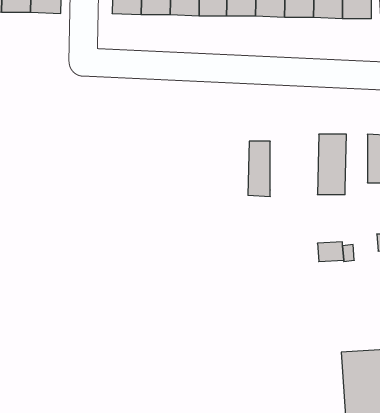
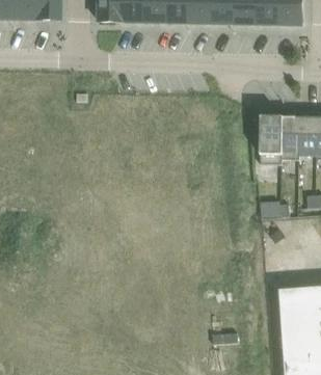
building: [248,141,270,196] -> [283,116,300,160]

